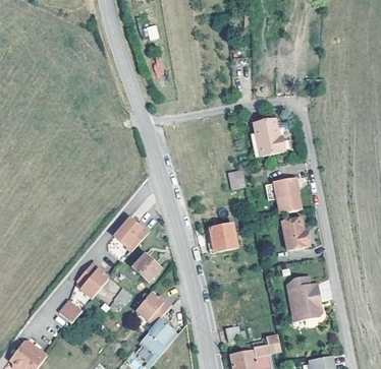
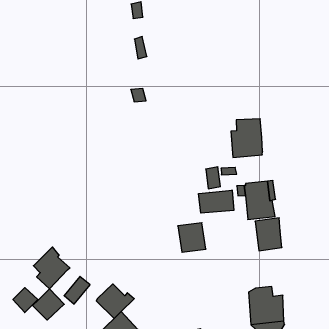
building: none -> [199,190,234,213]
building: [114,216,151,250] -> none
building: [131,253,161,282] -> none
building: none -> [33,289,64,320]

